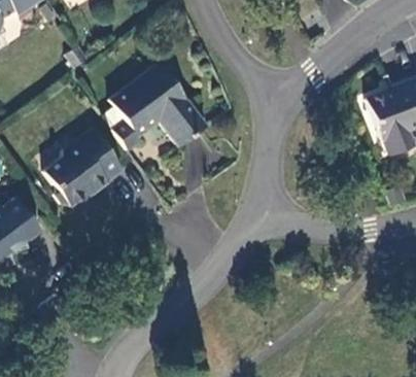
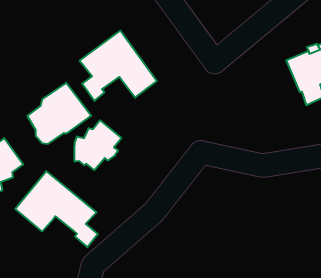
building: none -> [74,120,121,170]
building: none -> [15,171,98,247]

